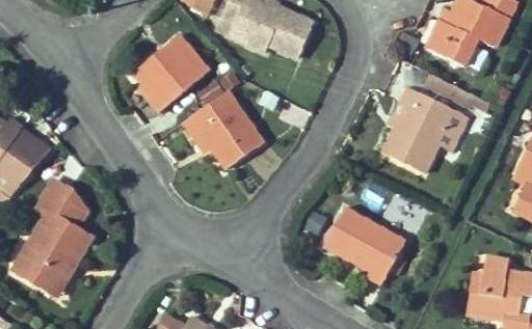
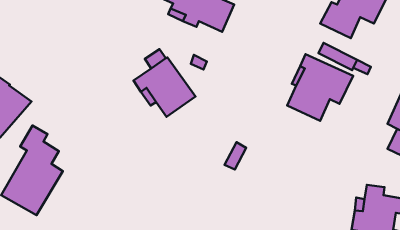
building: [133,33,210,111] -> none
building: [323,205,405,283] -> none

